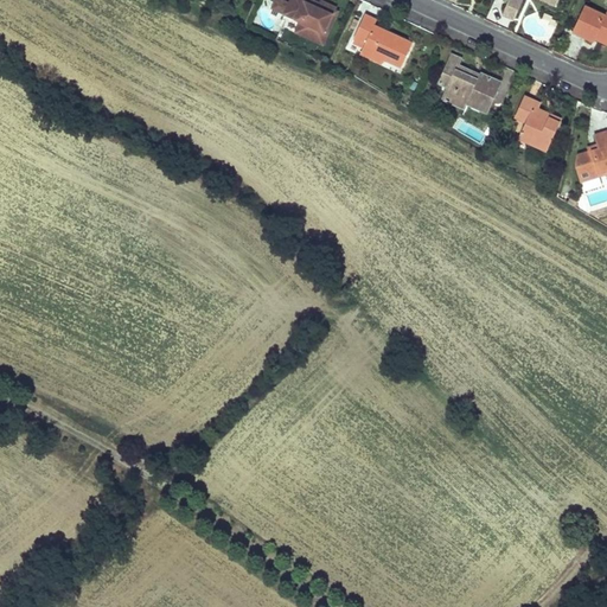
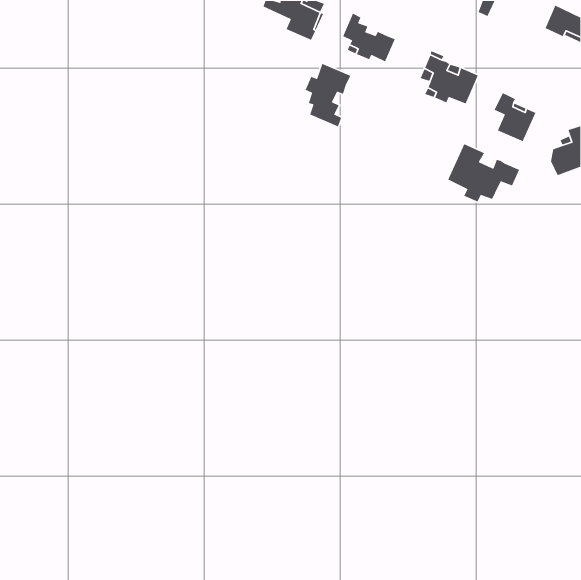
building: none -> [304,63,352,128]
building: none -> [447,143,520,203]

